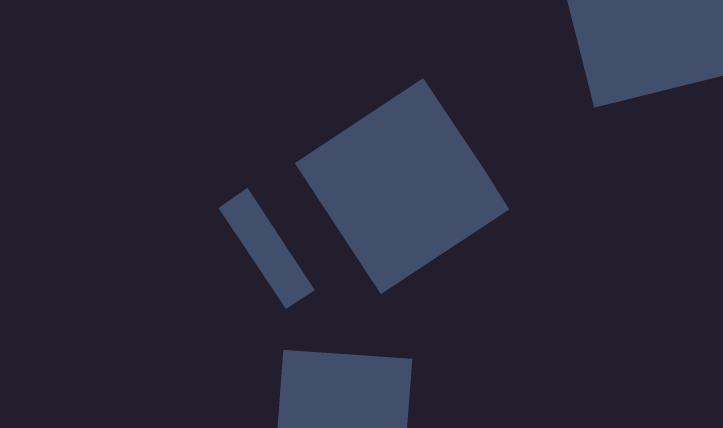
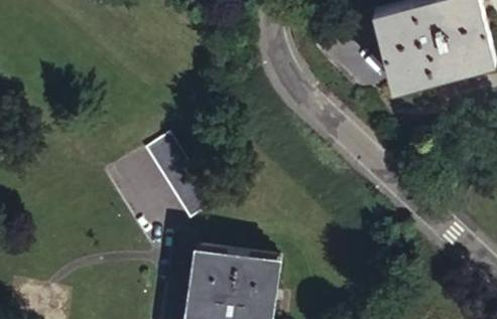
building: [294,77,510,295] -> none

